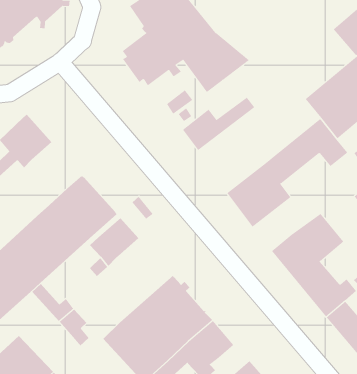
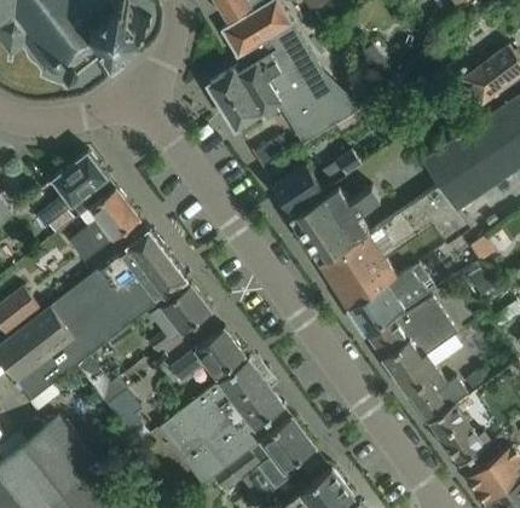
building: none -> [289,185,380,265]
building: none -> [69,187,140,262]
building: none -> [348,262,435,334]
building: none -> [169,328,245,381]

